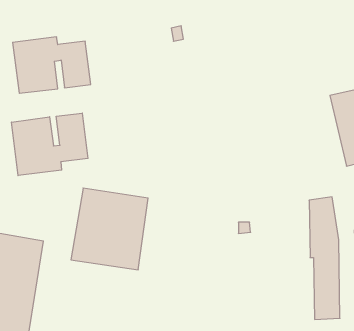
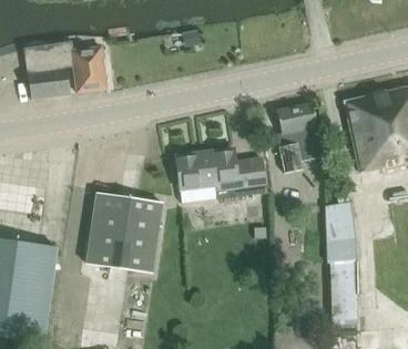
building: none -> [277,101,323,170]
building: [12,113,88,176] -> none
building: none -> [174,146,267,204]

